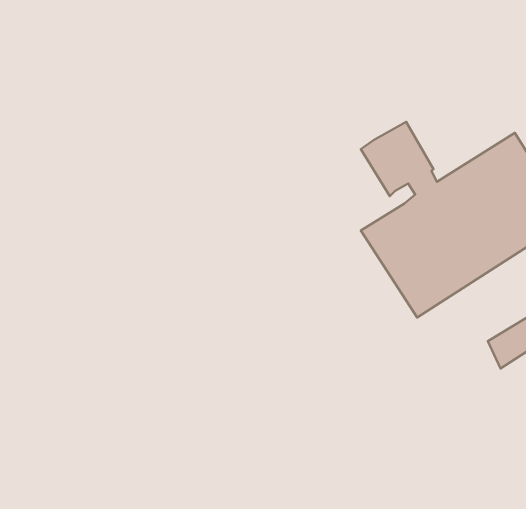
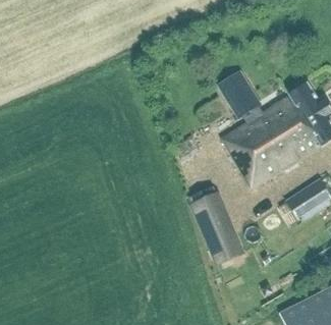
building: none -> [191,193,243,263]

